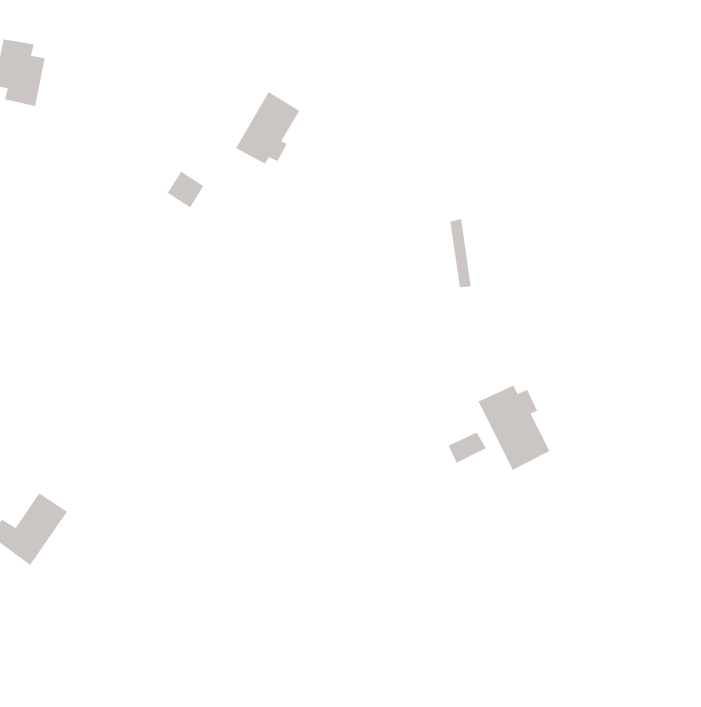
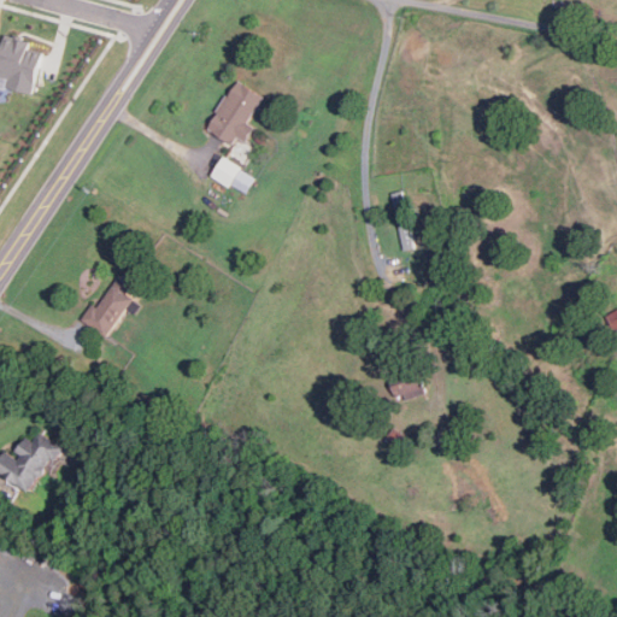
building: [167,171,204,208] -> [210,155,242,188]
building: none -> [81,276,133,337]
building: [478,385,550,471] -> none

